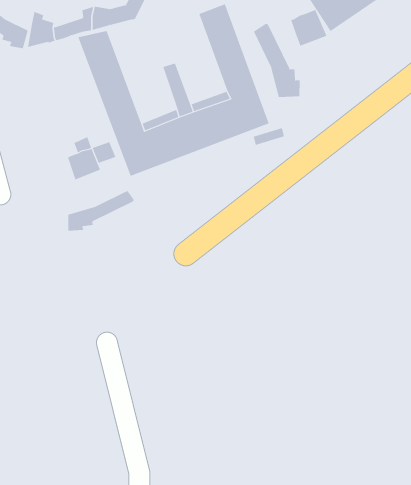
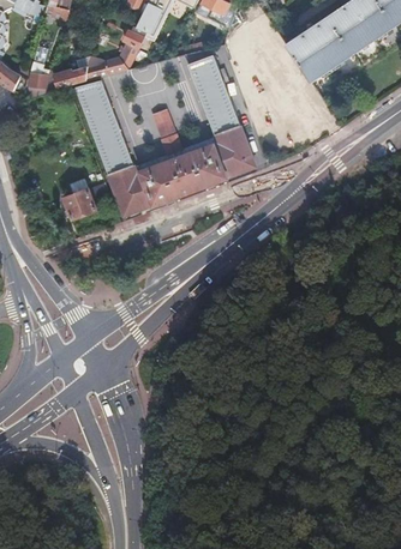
building: [290,9,327,47] -> none
building: [253,23,300,98] -> none
building: [68,190,134,231] -> none

